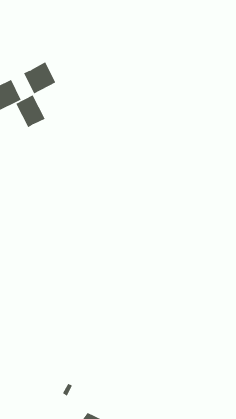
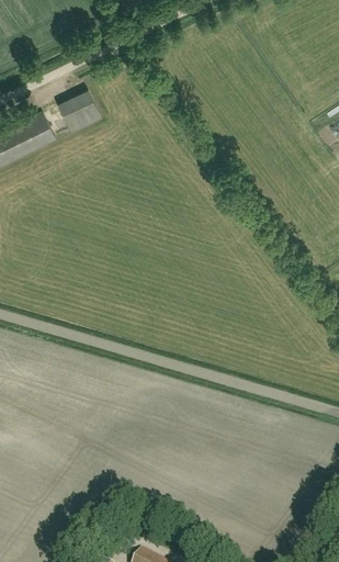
building: [15,95,45,128] -> none

